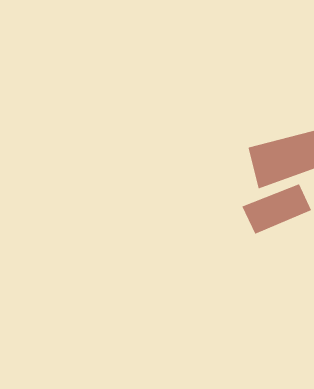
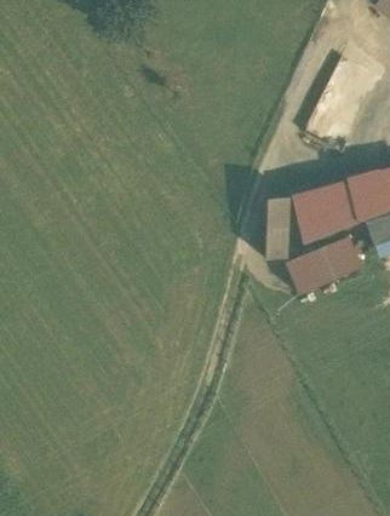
building: none -> [263,196,288,258]

